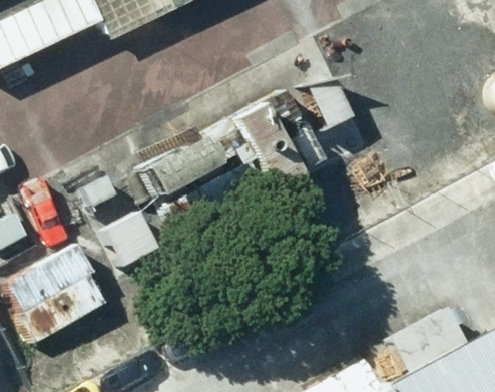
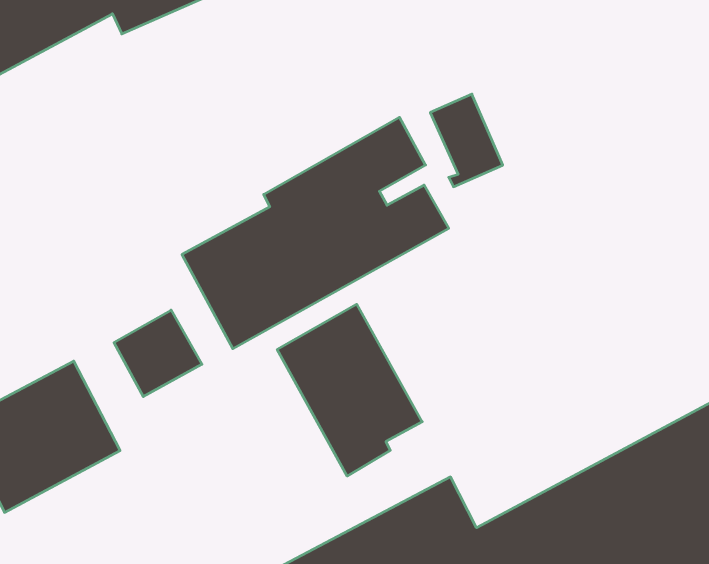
building: none -> [277,304,422,476]

